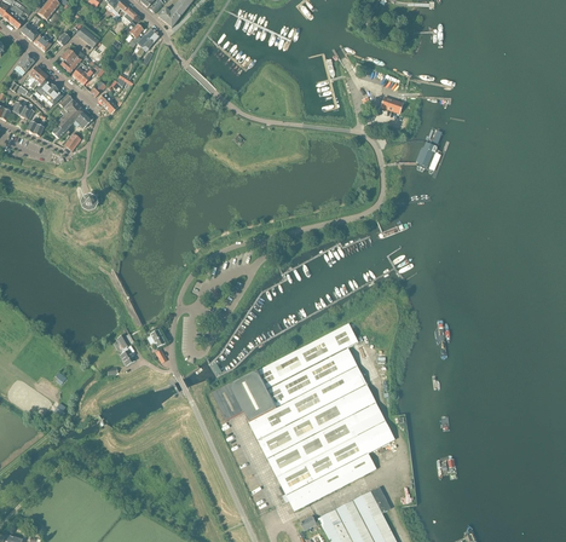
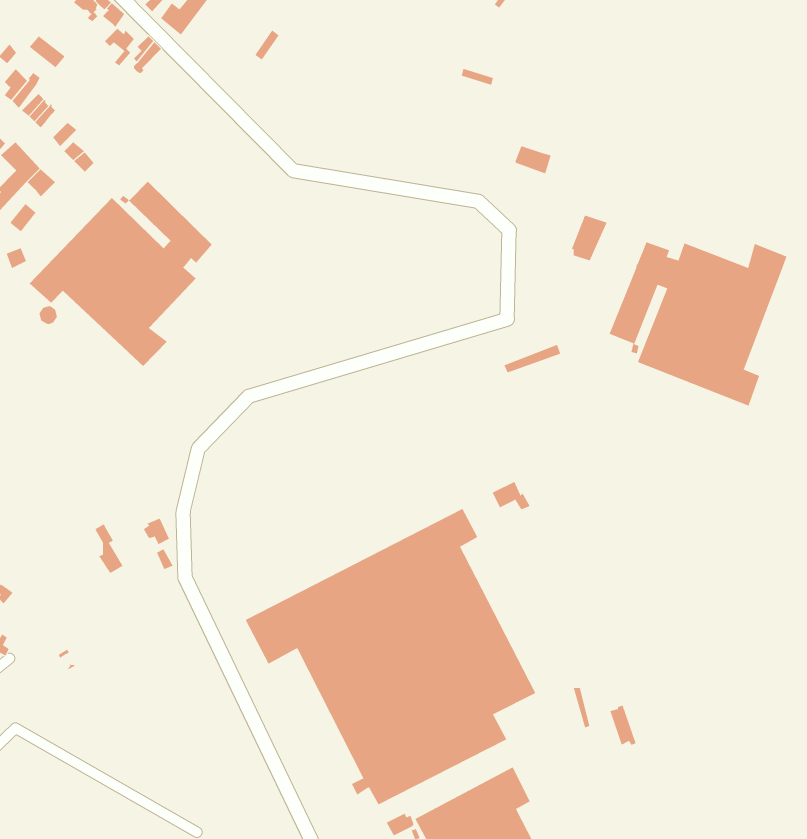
building: none -> [29,181,213,367]
building: none -> [609,242,787,406]

